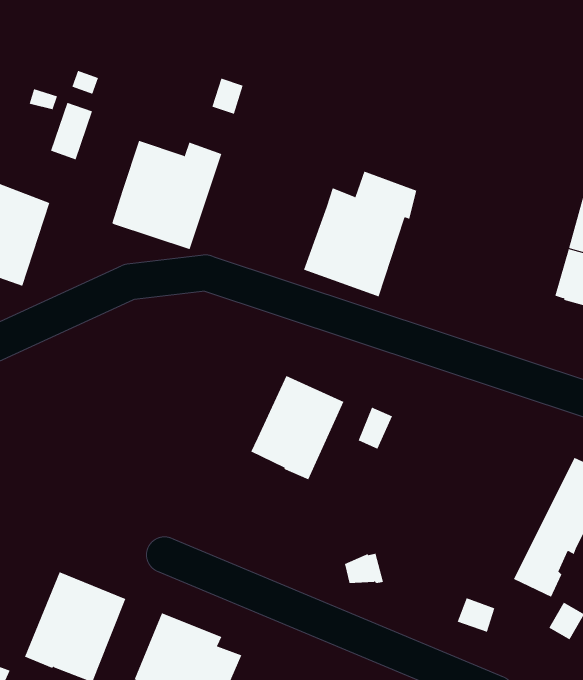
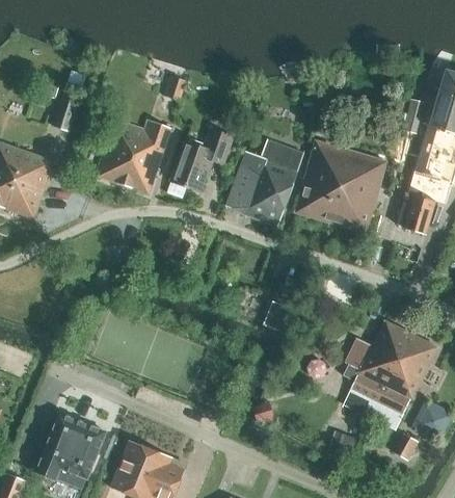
building: none -> [171,128,232,191]
building: none -> [295,141,385,233]
building: [251,375,344,480] -> none
building: none -> [342,321,410,418]

